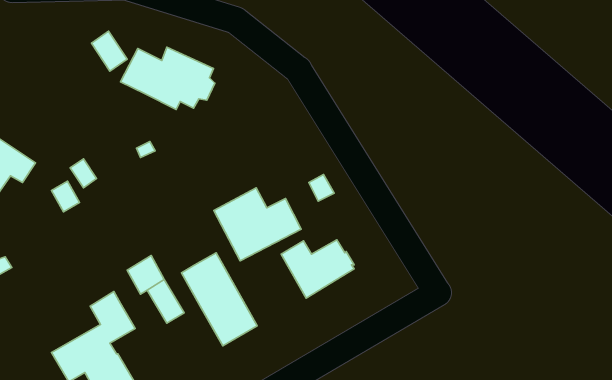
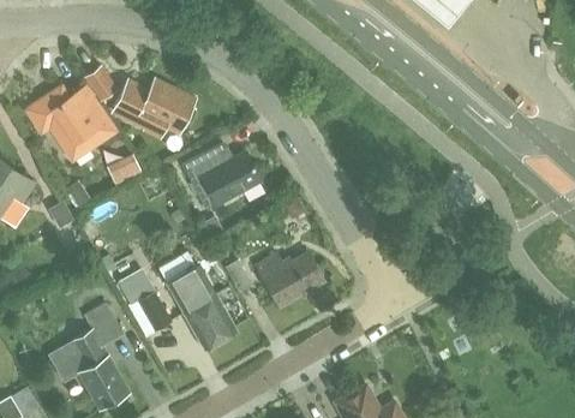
building: none -> [26,86,116,161]
building: [214,188,301,261] -> [181,143,260,209]

